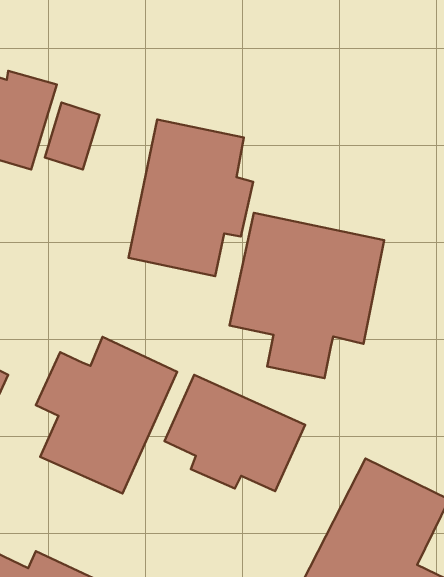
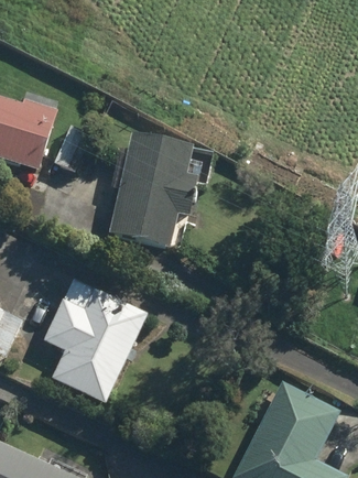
building: [230,213,384,378] -> none
building: [164,375,305,491] -> none

